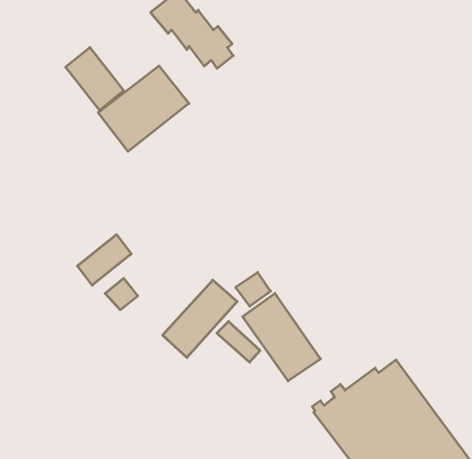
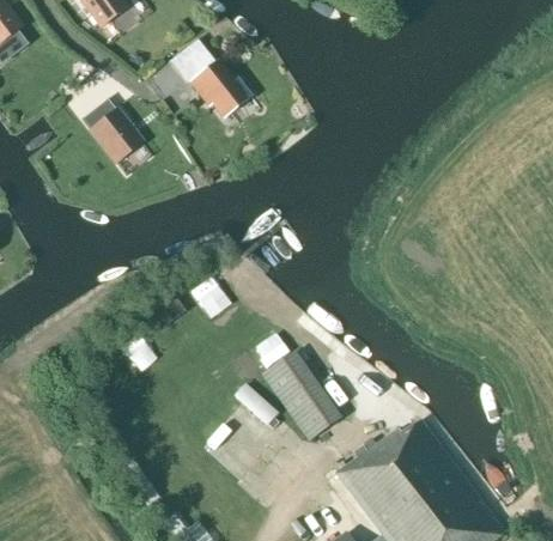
building: [98,66,189,151] -> none
building: [77,235,131,285] -> none
building: [163,280,237,358] -> none

